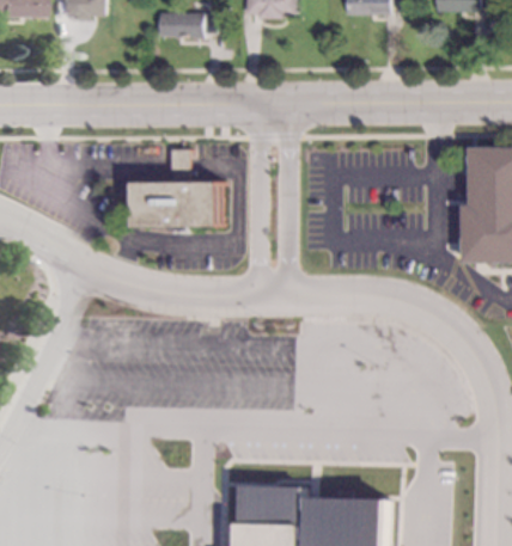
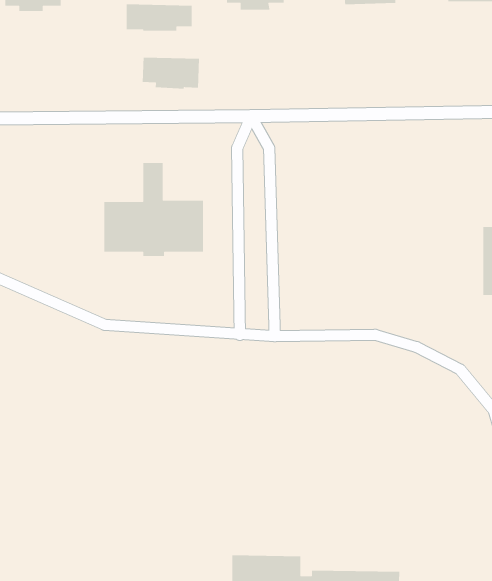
building: none -> [142,57,200,89]

